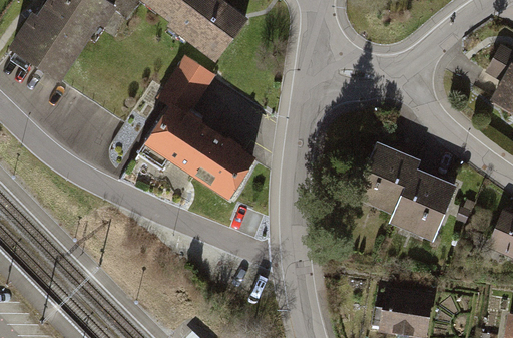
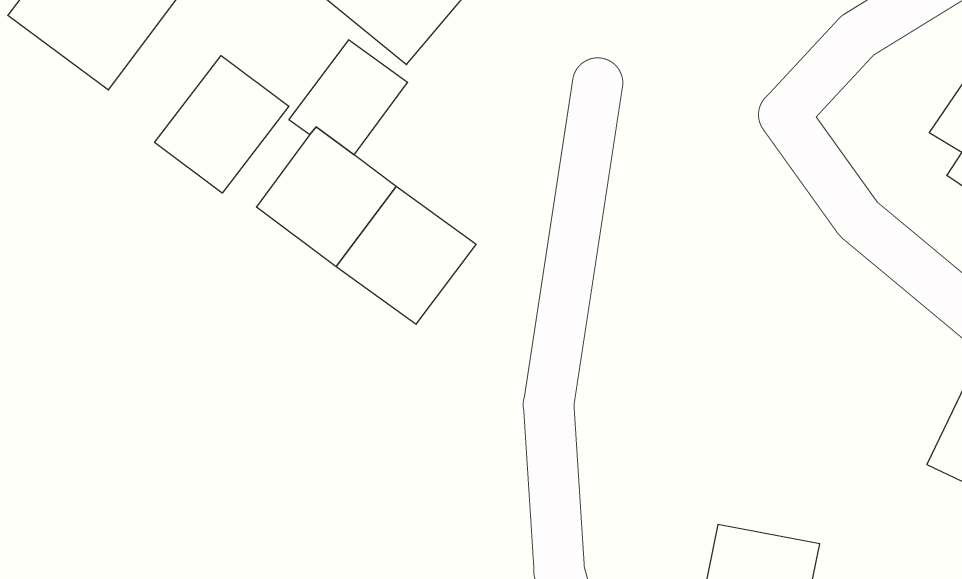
building: none -> [155,56,289,193]
building: [351,141,458,244] -> none

